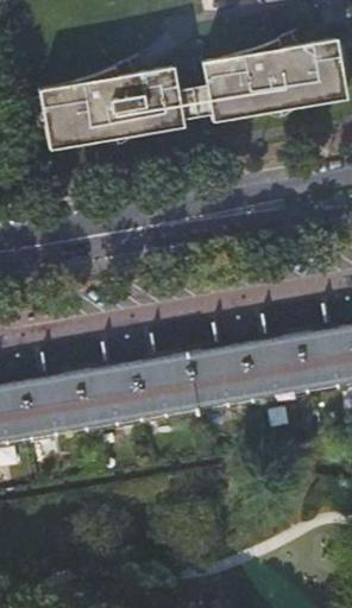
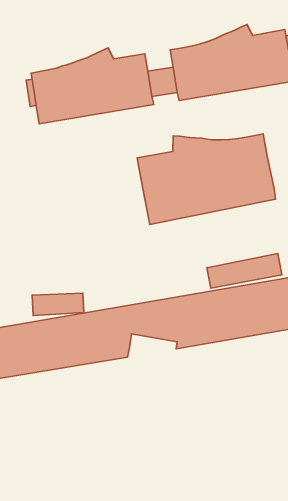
building: none -> [137,134,275,224]

